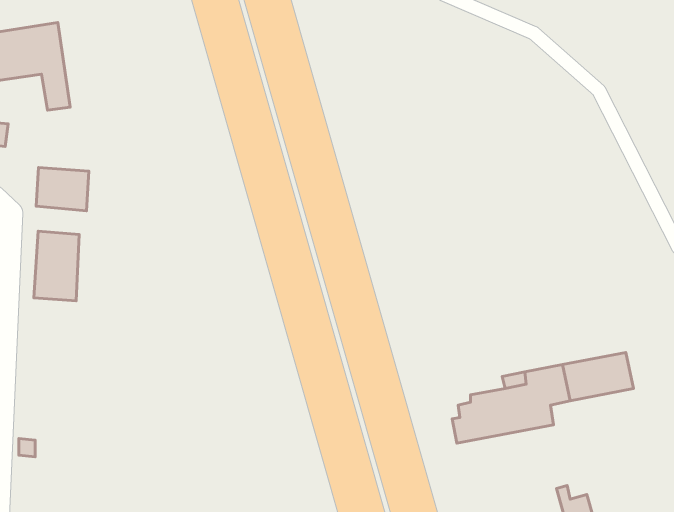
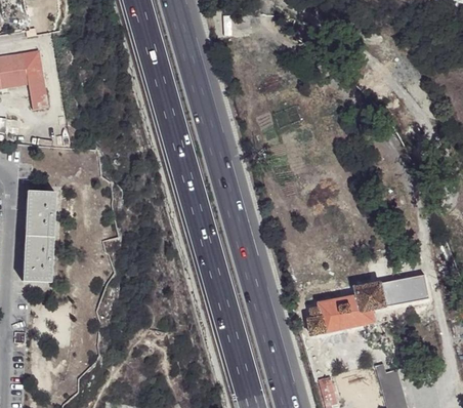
building: [36,168,89,211] -> none
building: none -> [23,236,53,283]

